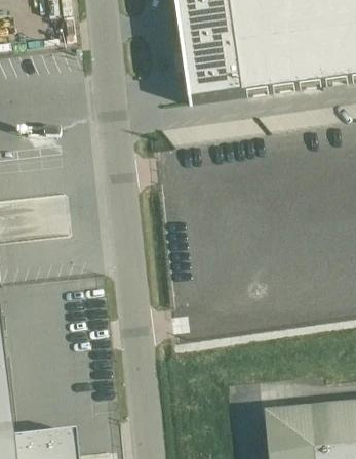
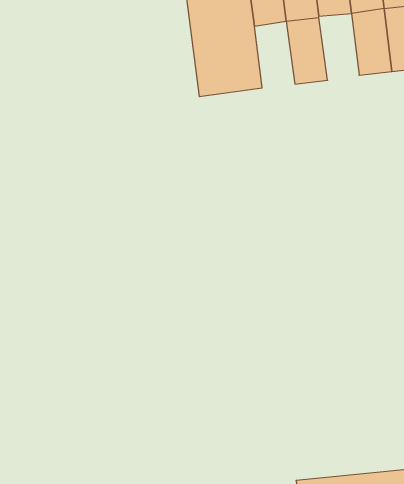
building: [284,29,317,83] -> none
building: [232,35,265,89] -> none

